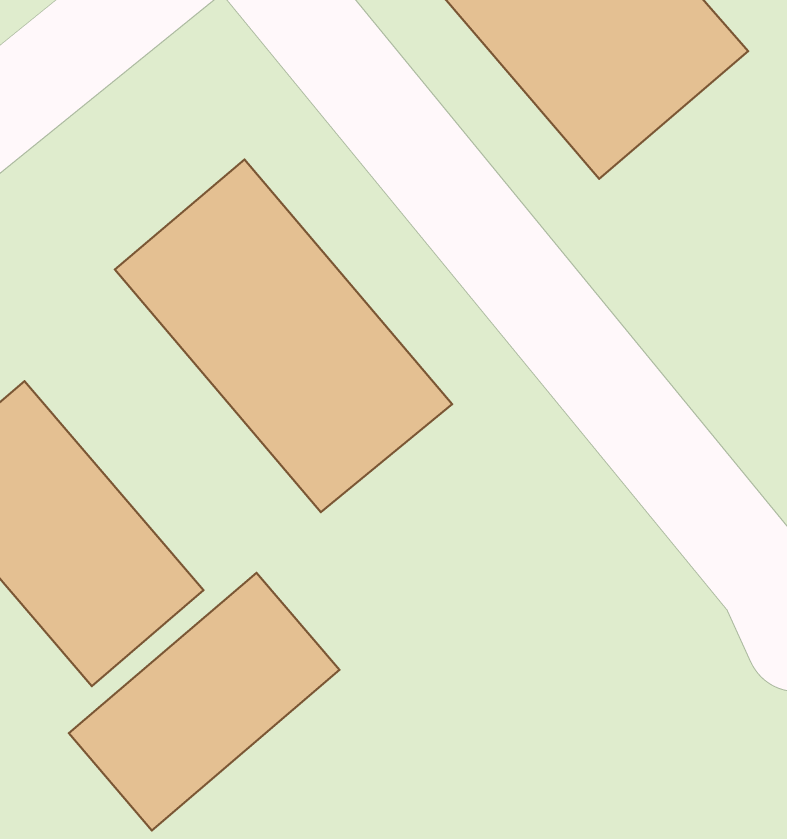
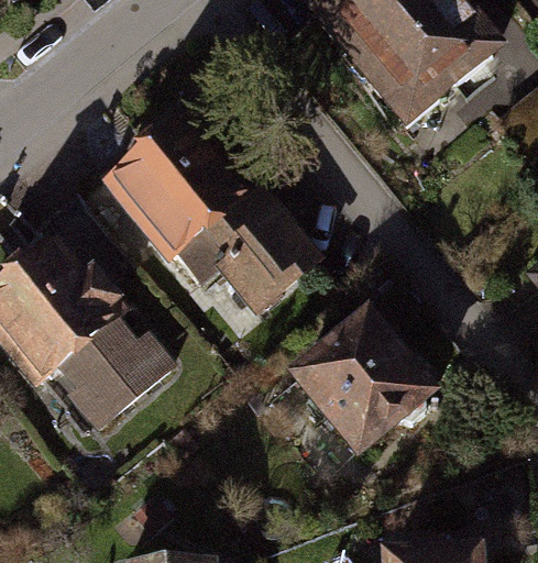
building: none -> [294,313,440,461]
building: [69,573,340,830] -> none

